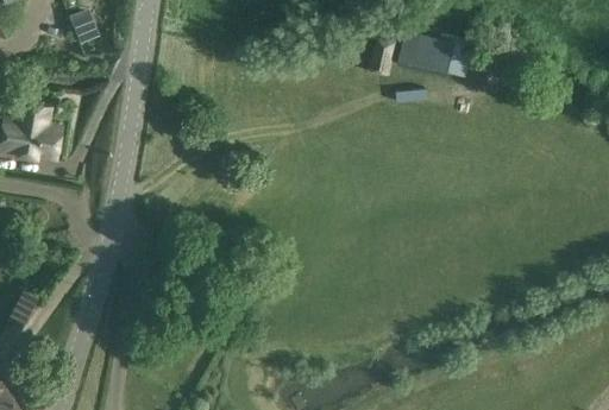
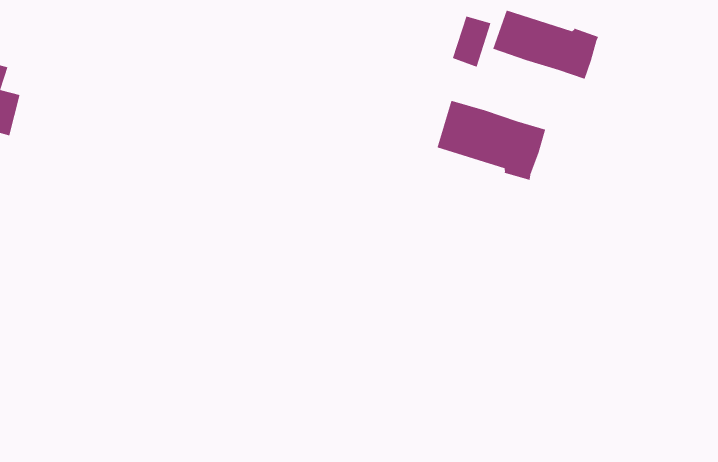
building: none -> [436,100,546,181]

